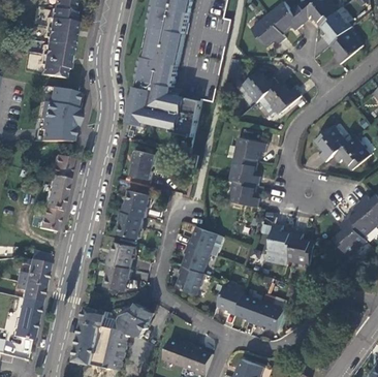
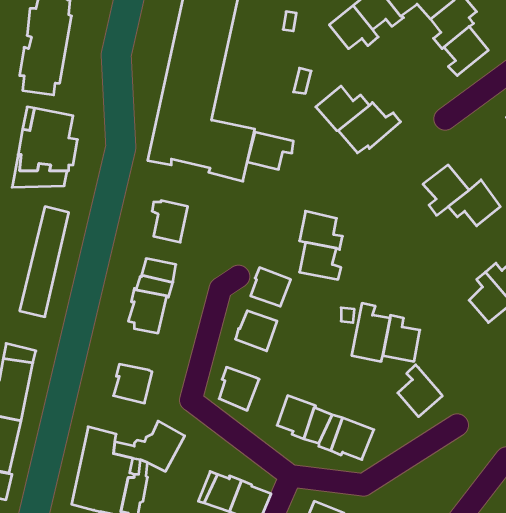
building: [237,137,269,163] -> [247,132,293,169]
building: [336,218,367,254] -> [398,365,442,417]
building: [106,240,134,269] -> none
building: [182,247,210,274] -> [251,268,291,306]

